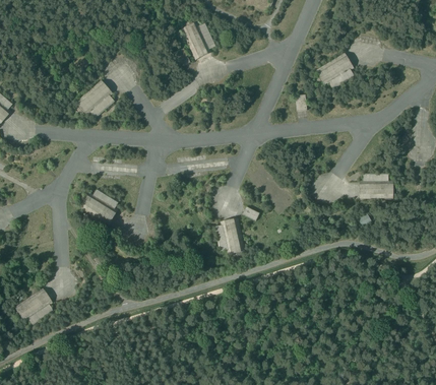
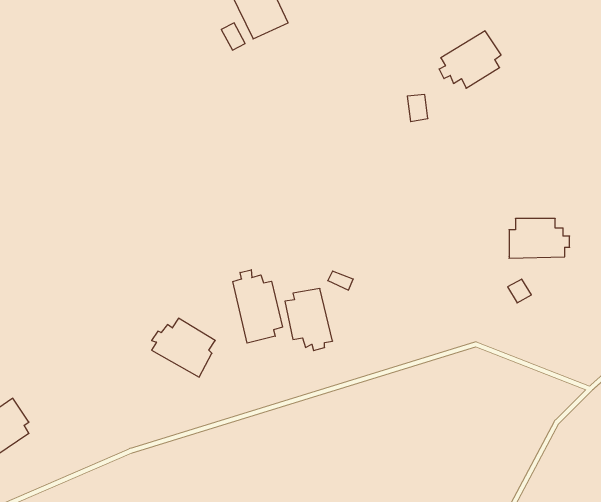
building: [75,80,113,118] -> none
building: [78,187,119,224] -> [152,318,215,377]
building: none -> [233,270,283,343]

